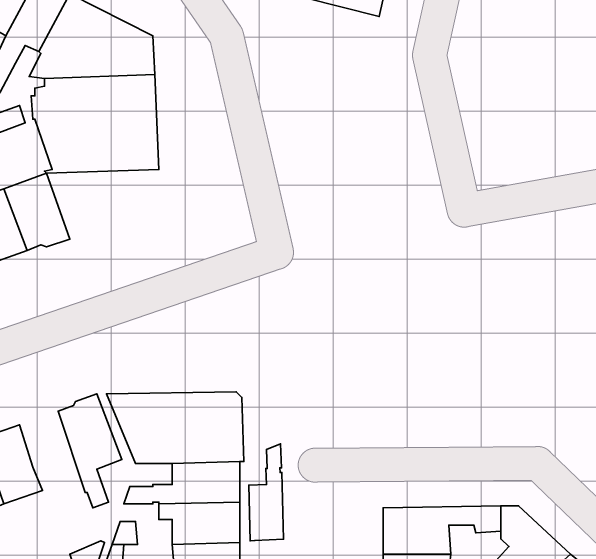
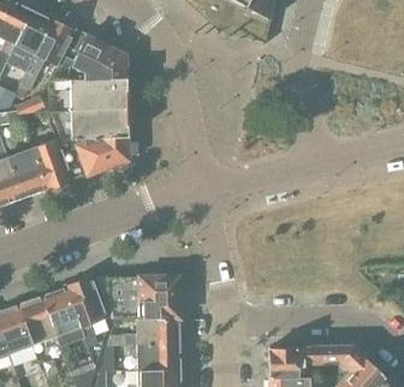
building: none -> [59,137,129,180]
building: none -> [42,287,83,346]
building: [249,444,283,541] -> none

